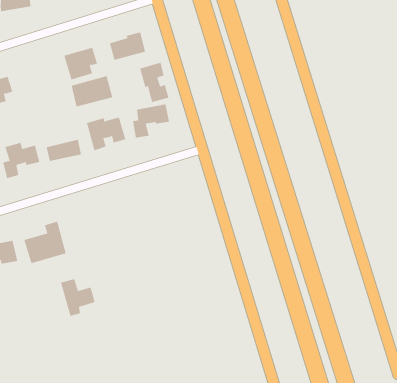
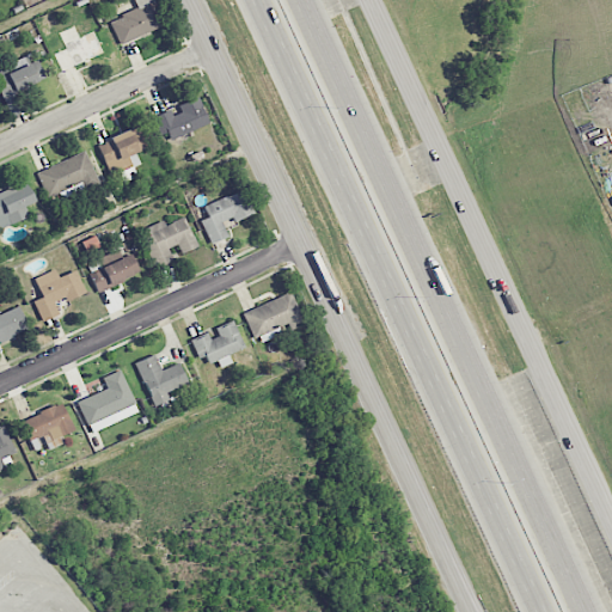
building: [140,62,169,103] -> none
building: [71,76,113,107] -> [37,152,97,201]
building: none -> [246,293,304,343]
building: none -> [194,322,244,367]
building: [60,278,95,316] -> [135,354,186,406]

